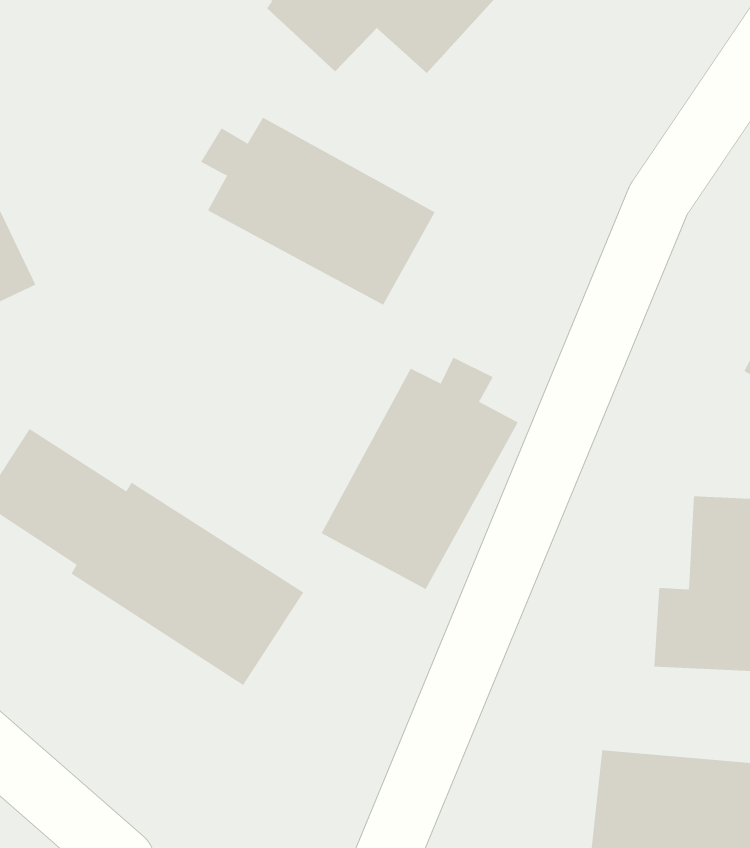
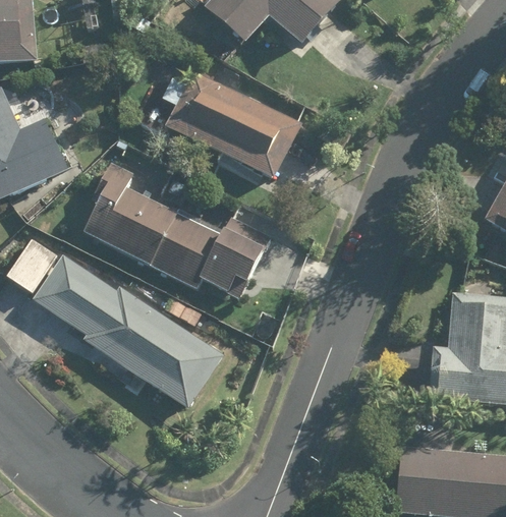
building: none -> [75,163,272,298]
building: [321,357,518,590] -> none

